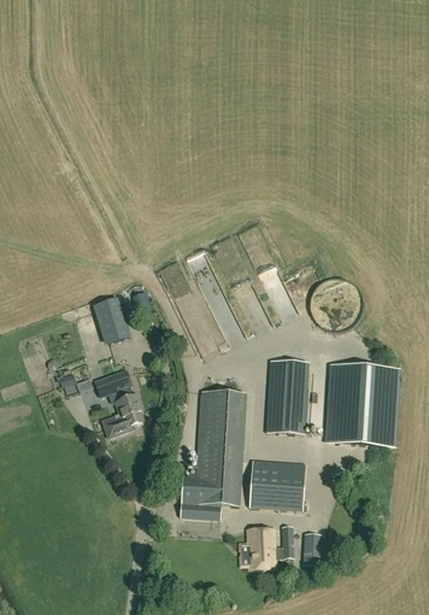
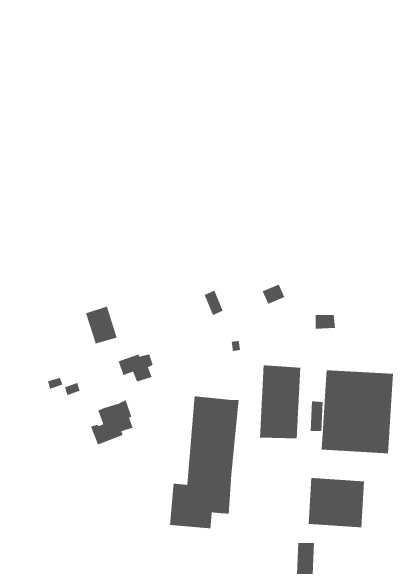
building: [95,374,130,402] -> [118,354,154,382]
building: [249,459,305,509] -> [308,477,365,528]
building: [247,525,292,568] -> none

